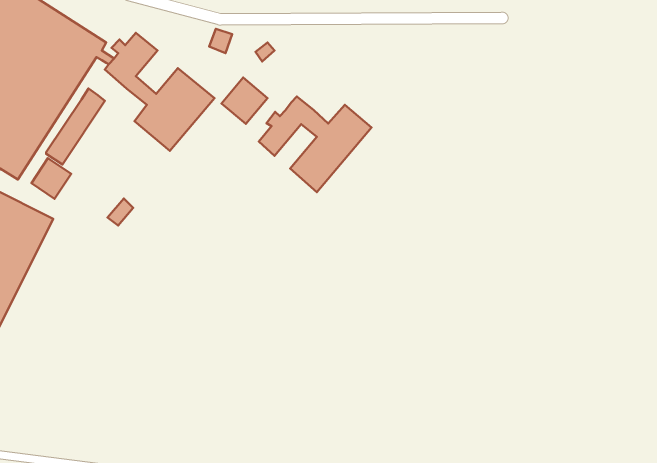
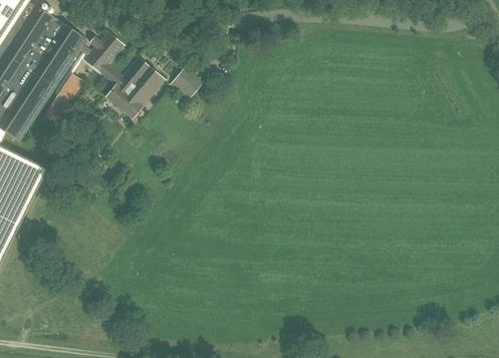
building: [259,96,372,192] -> none
building: [31,158,71,199] -> none

